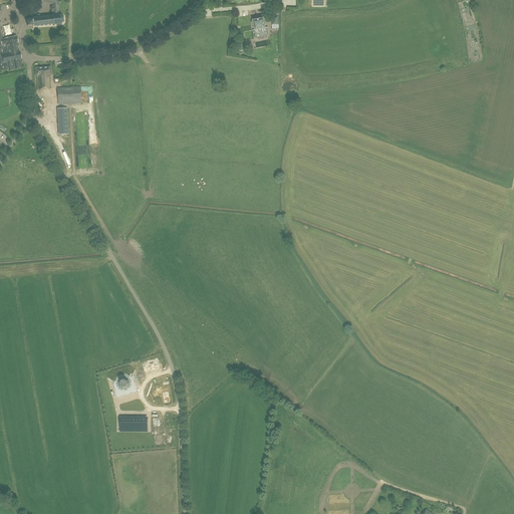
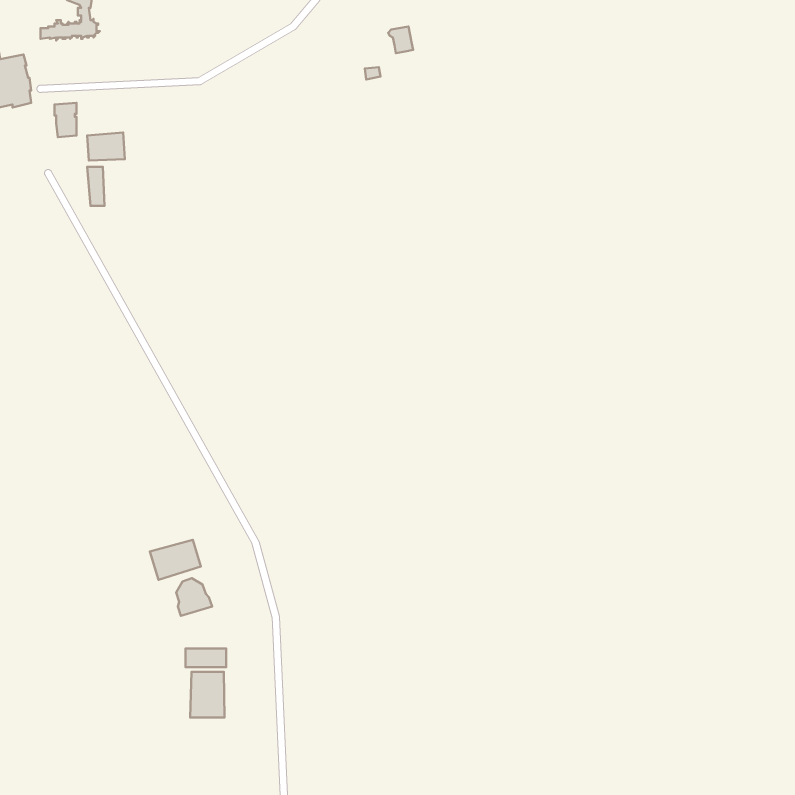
building: none -> [150,540,201,580]
building: none -> [190,672,225,718]

